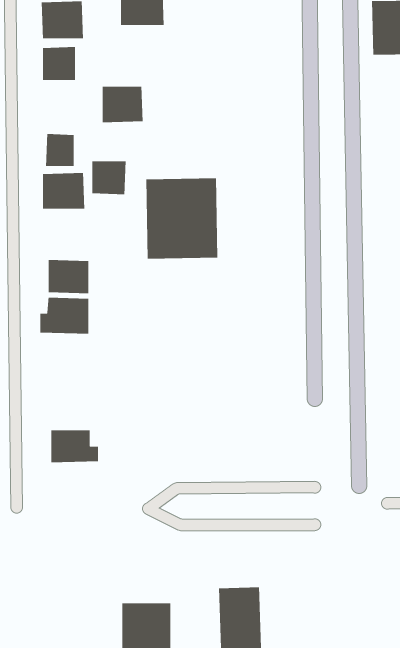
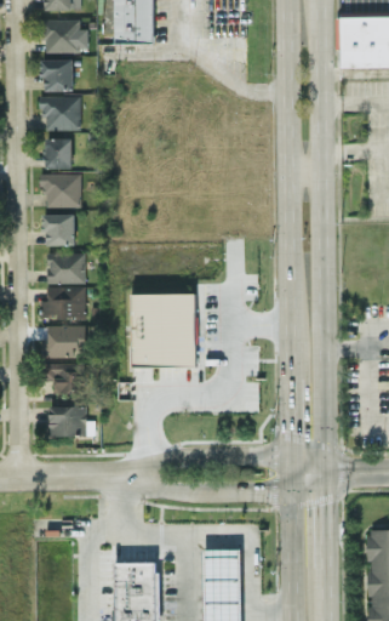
building: [102,86,143,123] -> [42,97,80,131]
building: [92,160,126,195] -> [44,215,75,246]
building: [146,178,218,259] -> [130,294,195,368]
building: none -> [41,325,82,358]
building: none -> [44,364,81,394]

